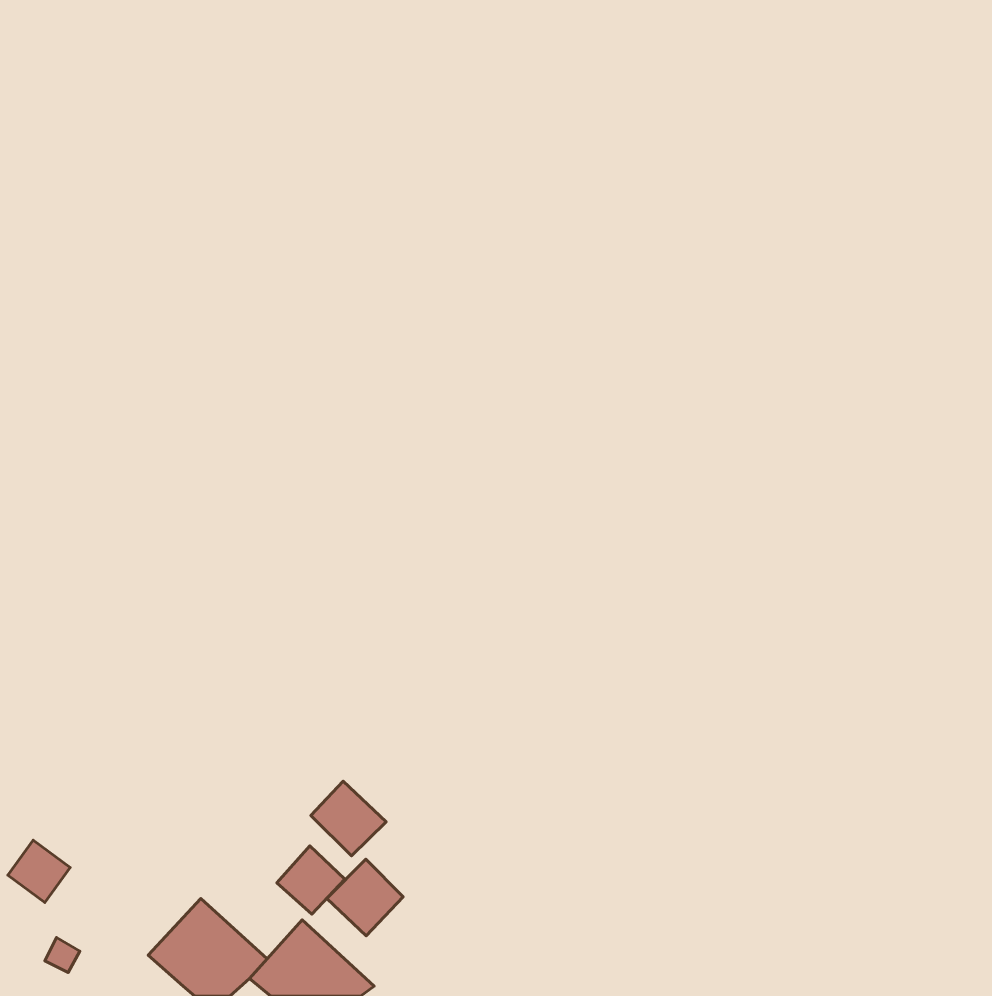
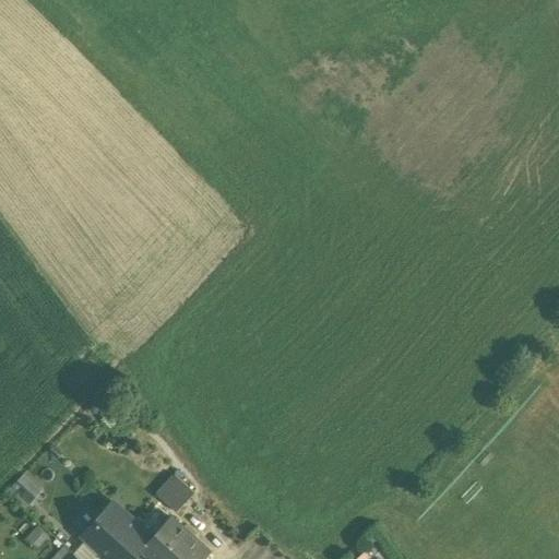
building: [311,781,386,856] -> none
building: [327,859,403,936] -> none

